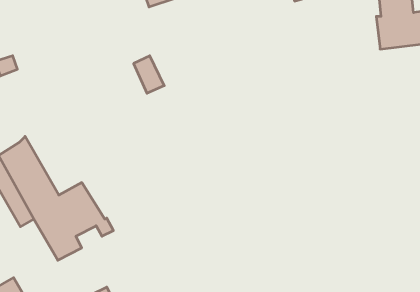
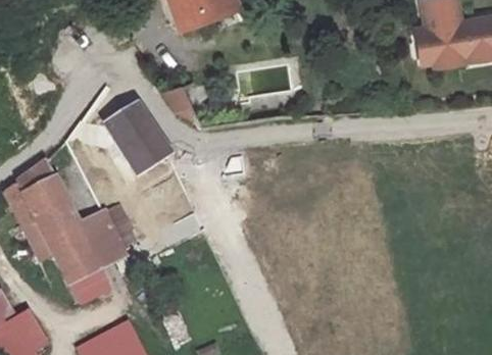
building: none -> [102,102,173,172]

